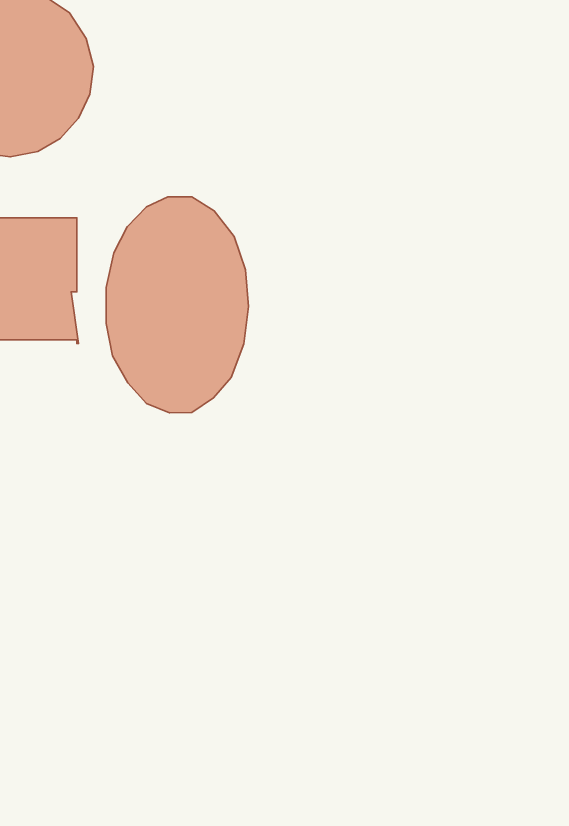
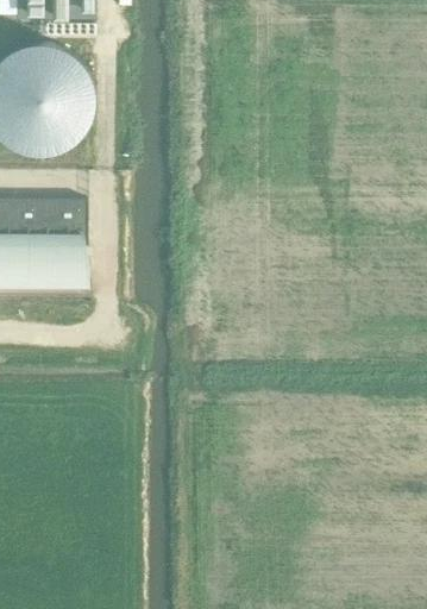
building: [106,197,249,413] -> none

